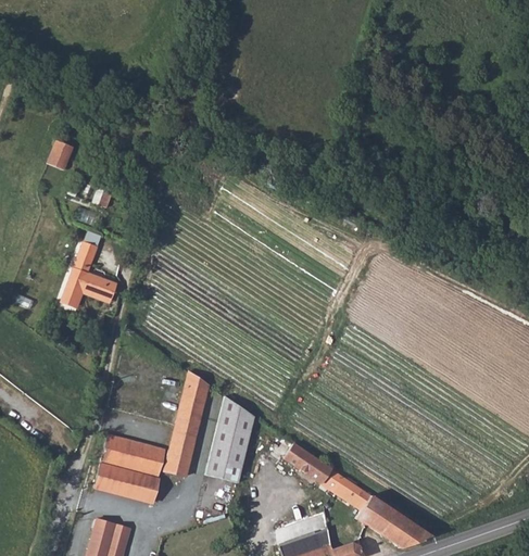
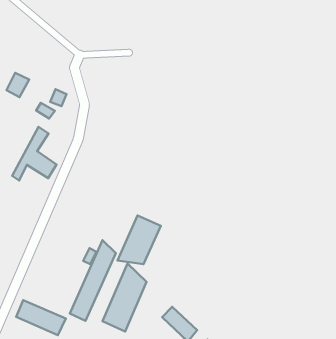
building: [49,139,76,169] -> [6,73,29,97]
building: none -> [118,216,161,264]
building: [101,434,164,476] -> none

